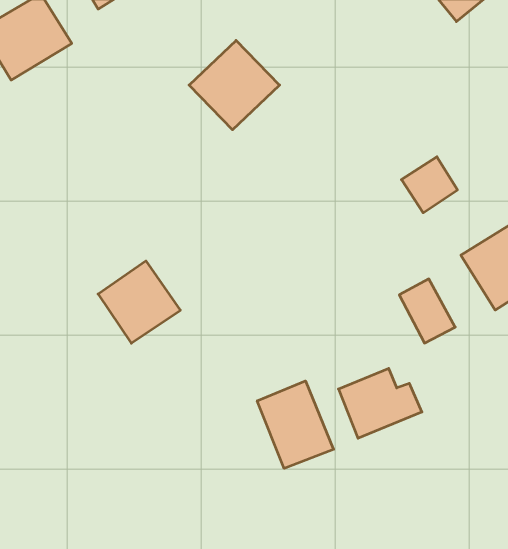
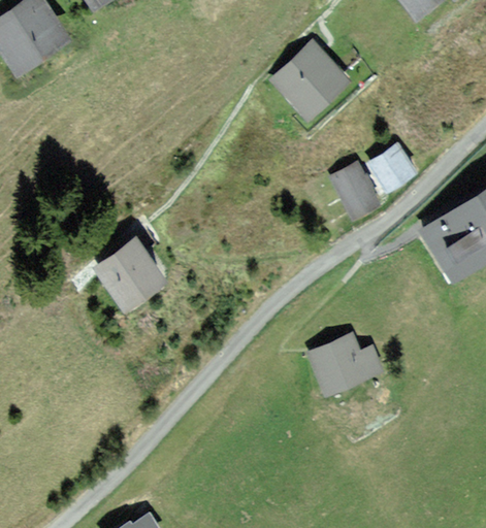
building: [189,40,280,130] -> [270,39,352,120]
building: [399,279,455,343] -> [330,161,381,219]
building: [257,381,334,468] -> none

